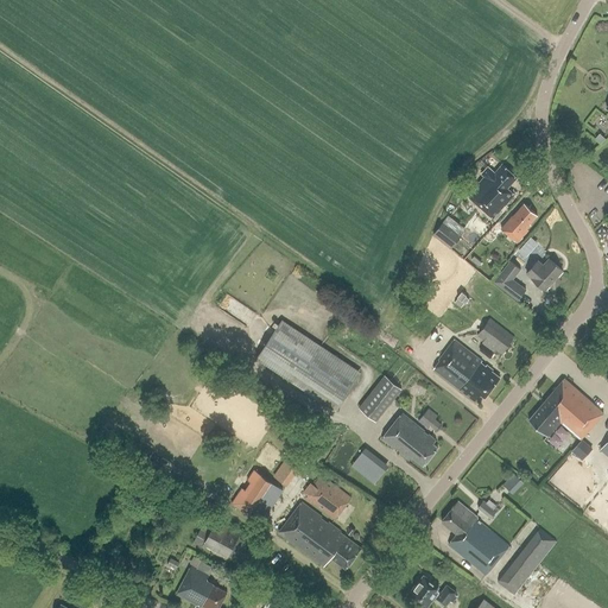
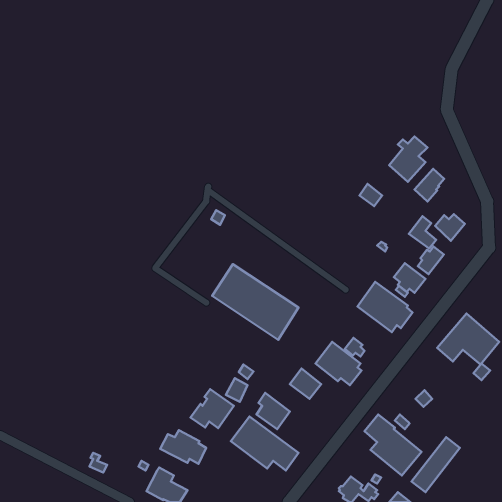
building: none -> [418,247,444,274]
building: [361,379,399,420] -> none

